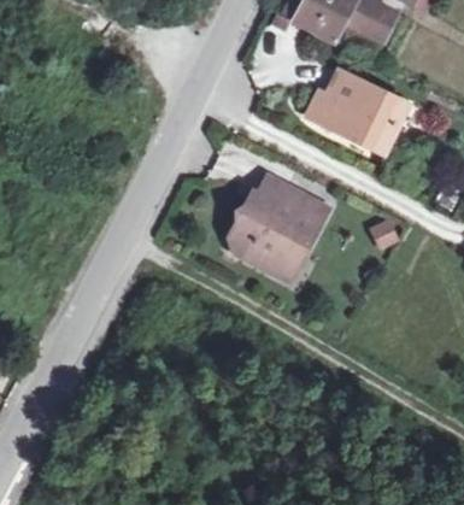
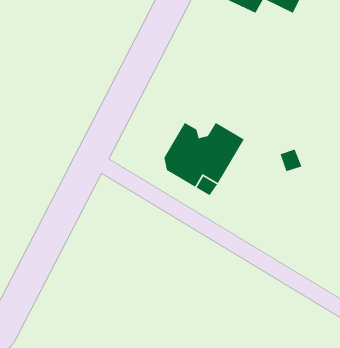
building: [331,72,412,148] -> none

